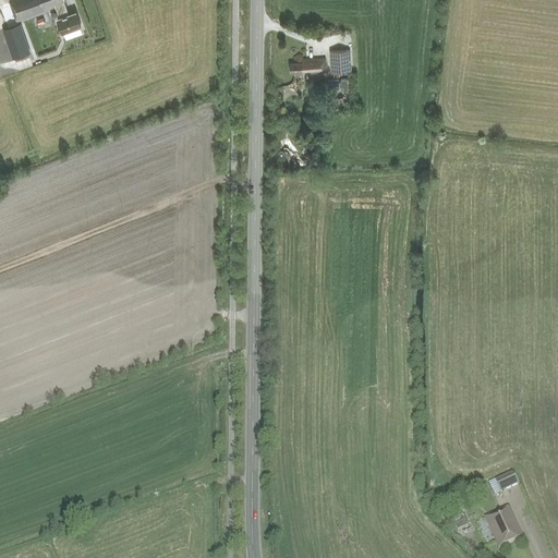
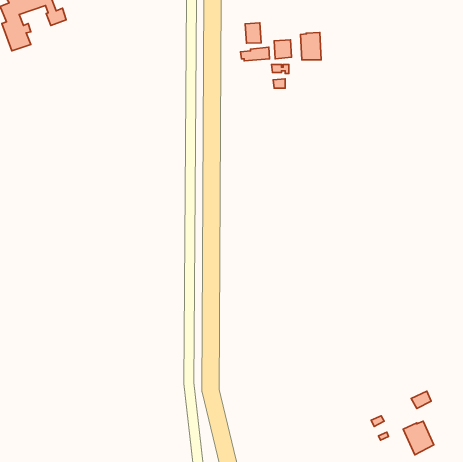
building: none -> [245,23,261,43]
building: none -> [300,32,321,60]

